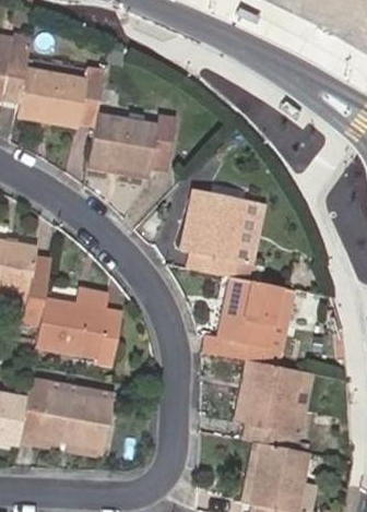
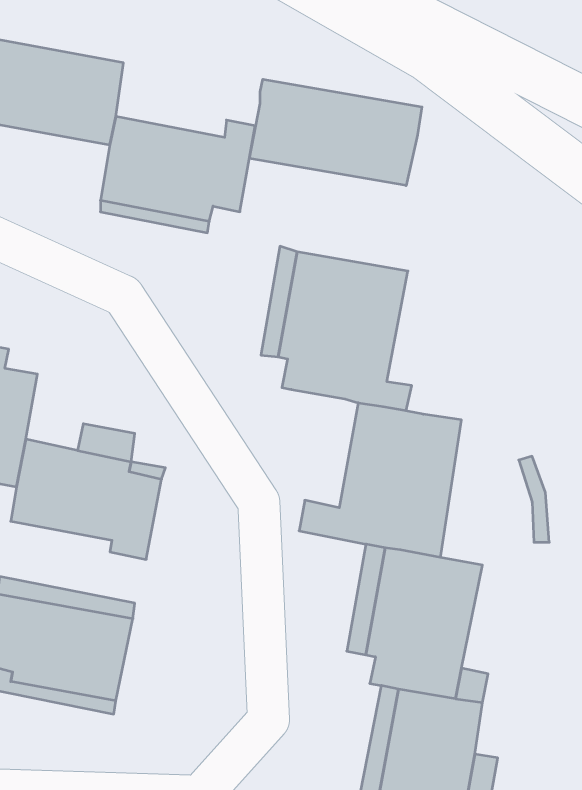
building: none -> [249,79,422,186]

